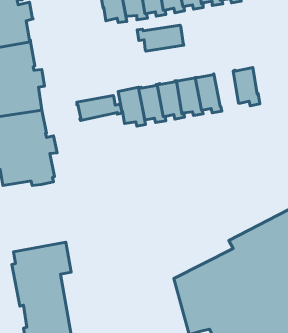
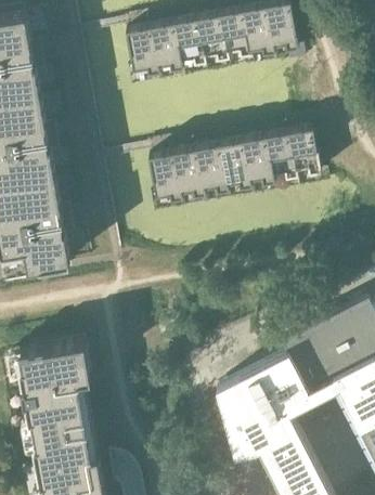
building: [137,25,184,51] -> none
building: none -> [264,133,298,180]
building: [77,95,122,120] -> none

